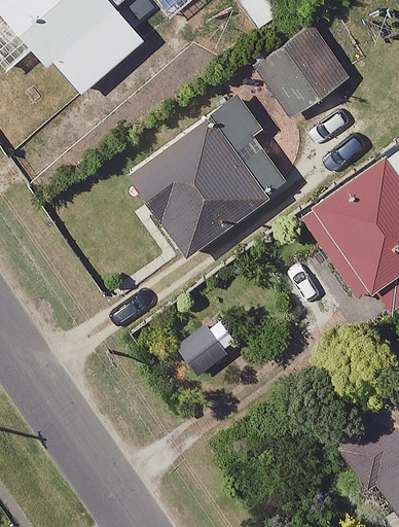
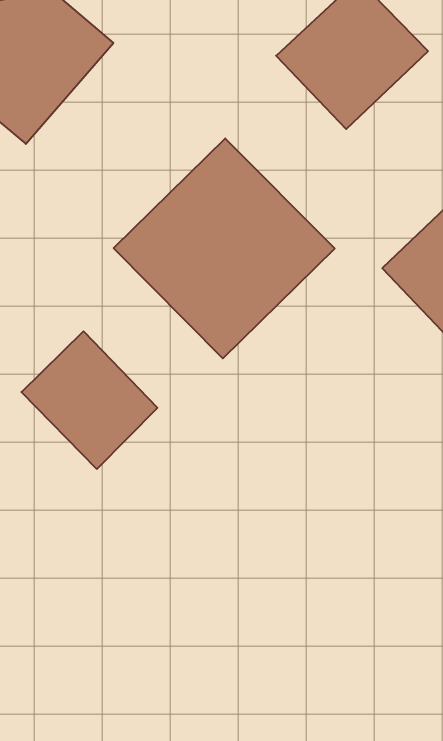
building: none -> [21,331,157,469]

